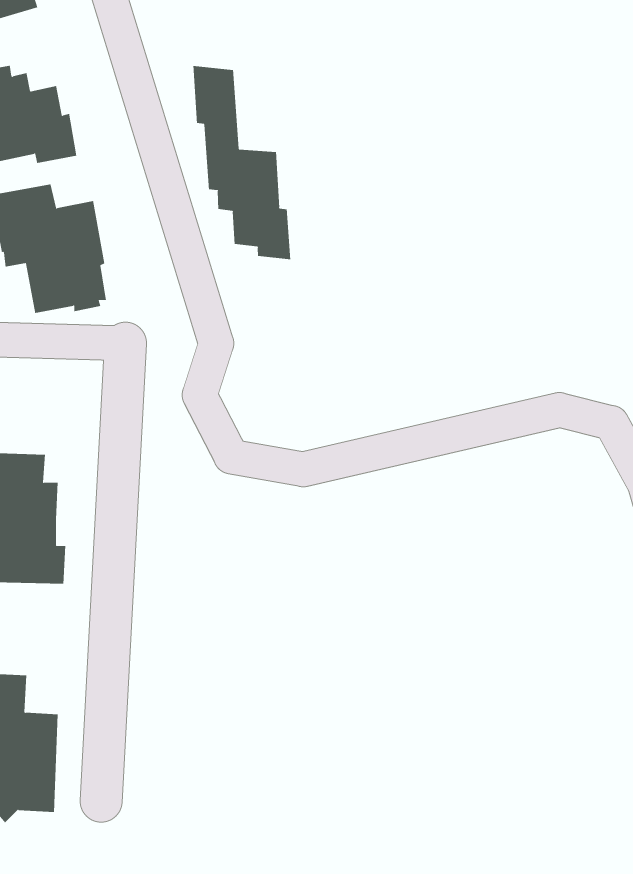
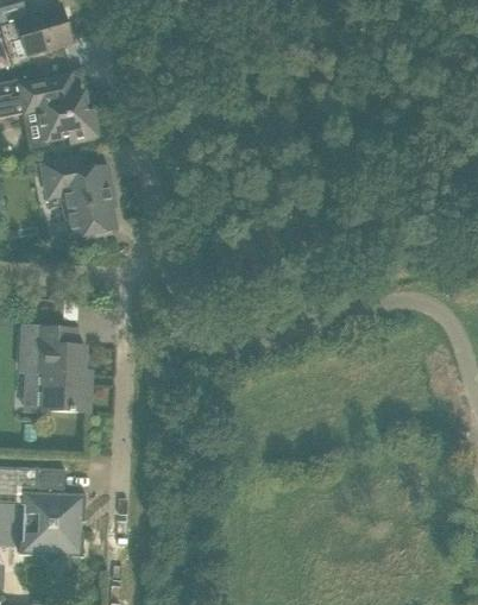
building: [193,65,291,260] -> none

